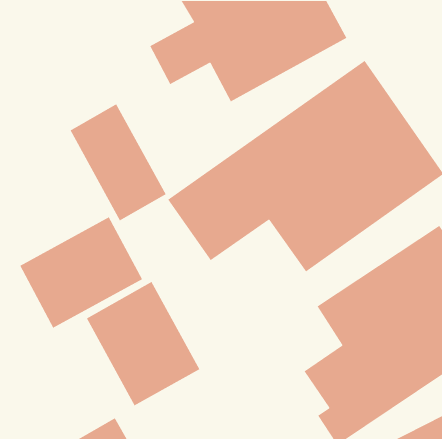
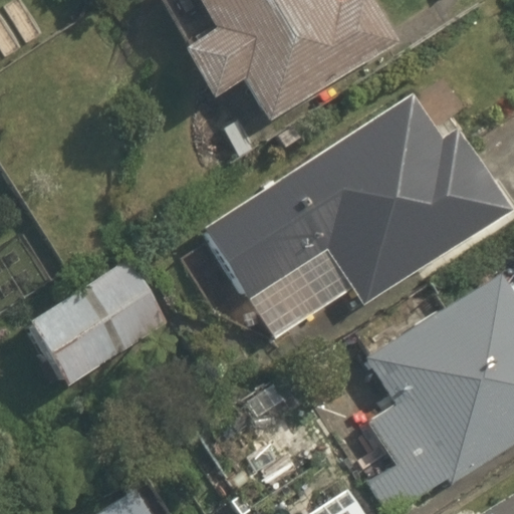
building: [69,103,167,221] -> none
building: [86,281,200,407] -> none

